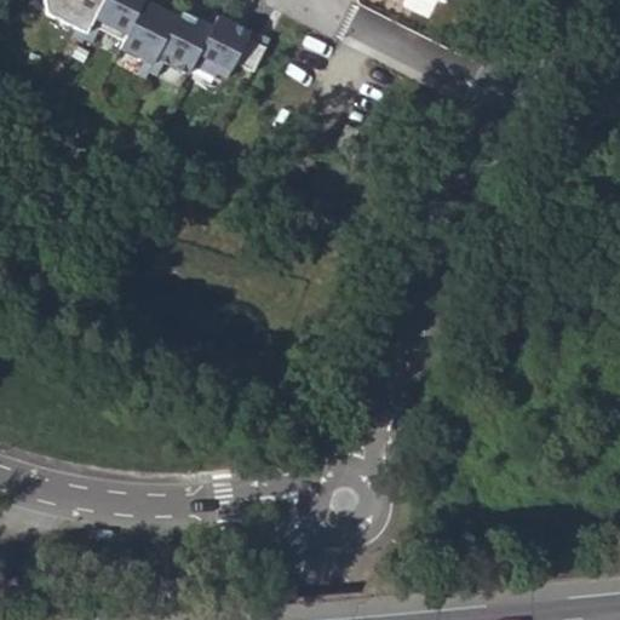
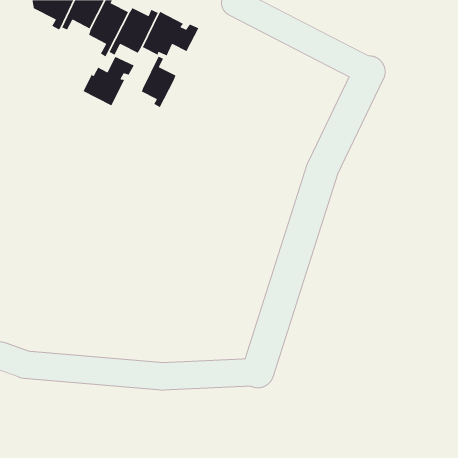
building: none -> [141,56,177,108]
building: none -> [82,56,135,106]

